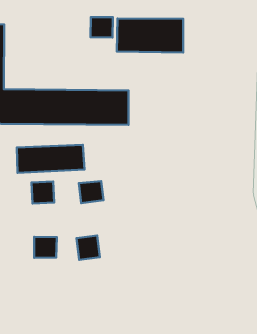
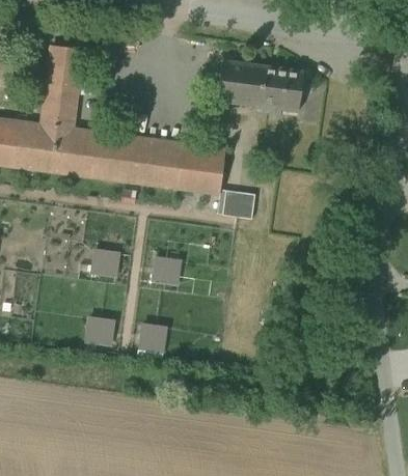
building: [91,17,113,38] -> none
building: none -> [223,190,256,220]
building: [17,145,84,173] -> none

